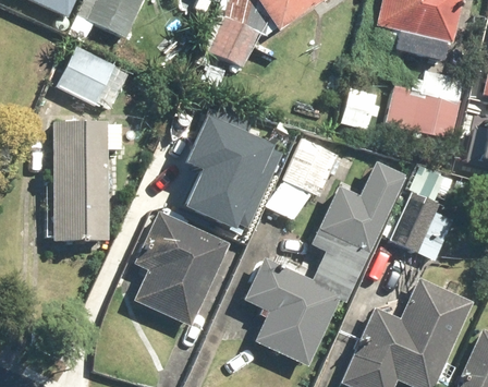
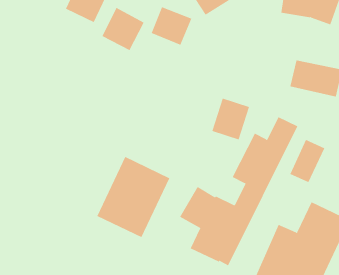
building: [58,44,115,102] -> [102,7,144,51]
building: [172,119,272,228] -> none
building: [49,120,108,239] -> none

